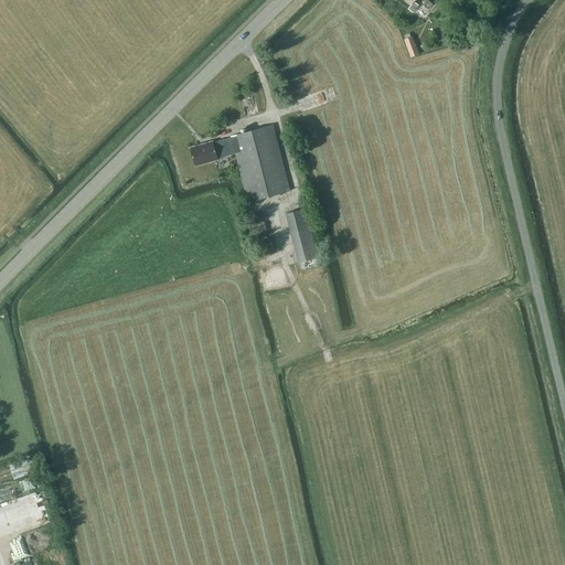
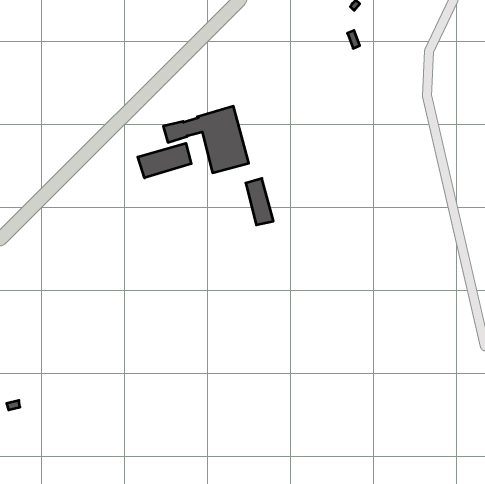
building: none -> [138,143,191,178]

